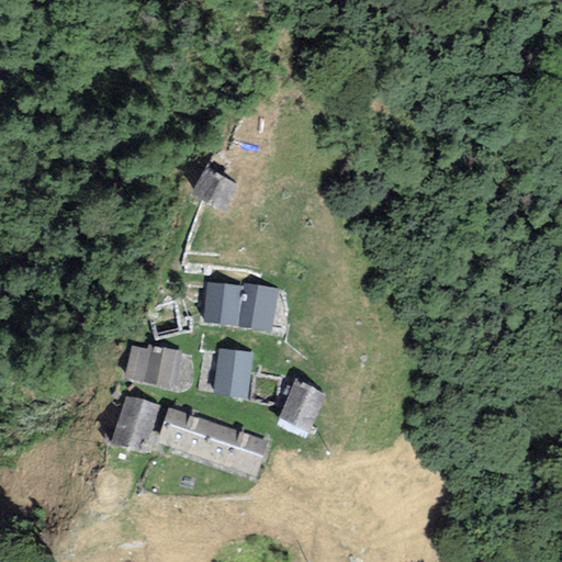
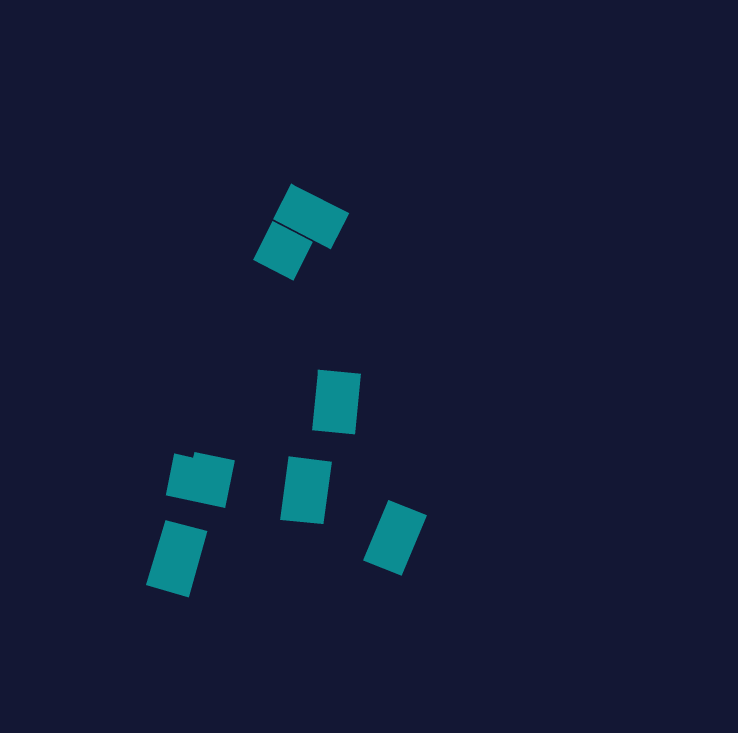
building: none -> [272,182,350,250]
building: [205,282,241,327] -> none
building: [161,409,267,474] -> none

